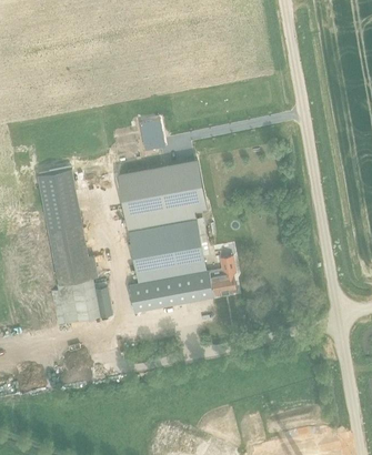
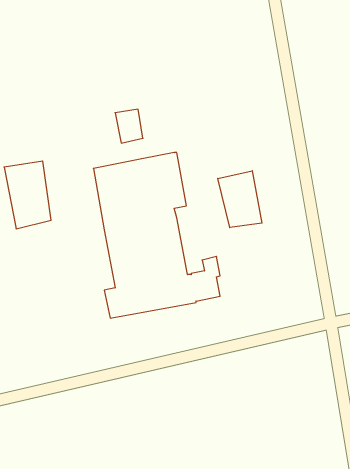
building: none -> [218,171,262,228]
building: [47,223,111,324] -> none

